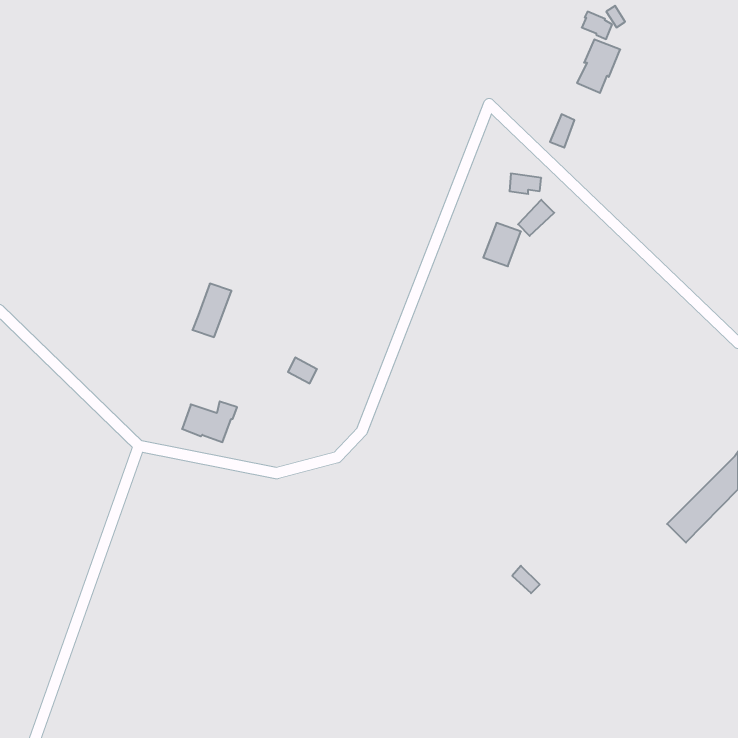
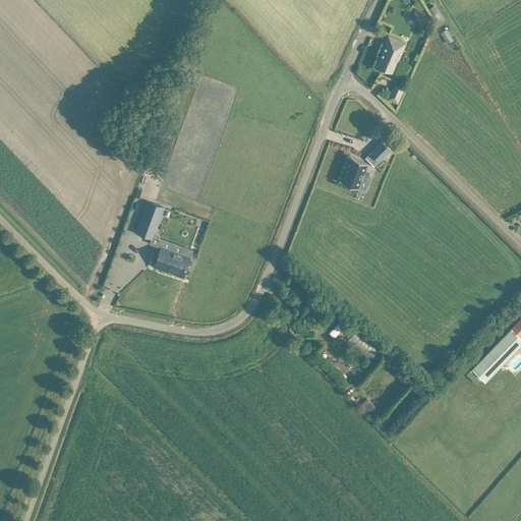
building: [577,39,620,93] -> [374,36,405,73]
building: [182,401,237,442] -> [154,246,192,275]

